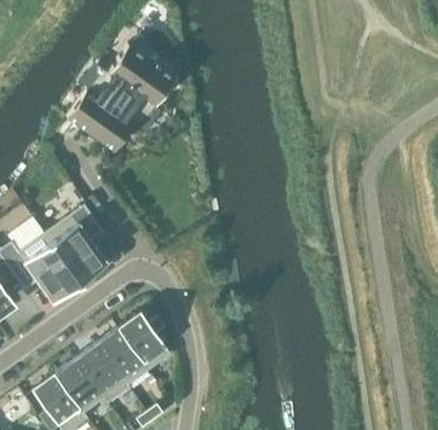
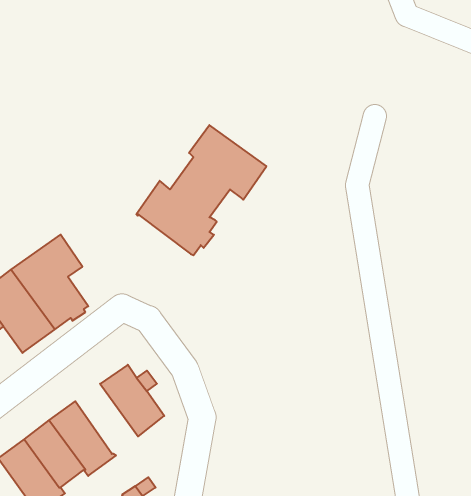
building: [67,43,174,151] -> [136,125,266,255]
building: [97,327,149,385] -> none

